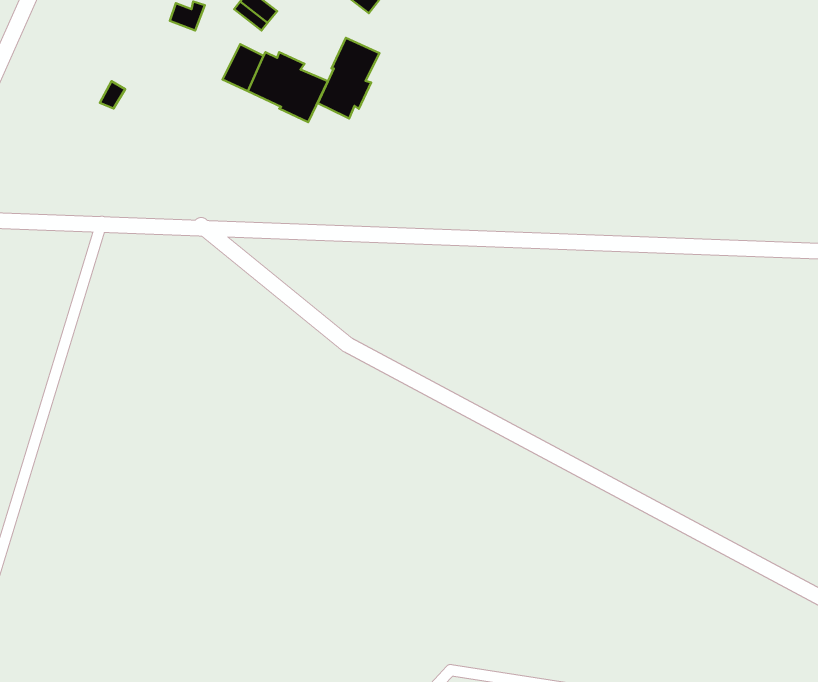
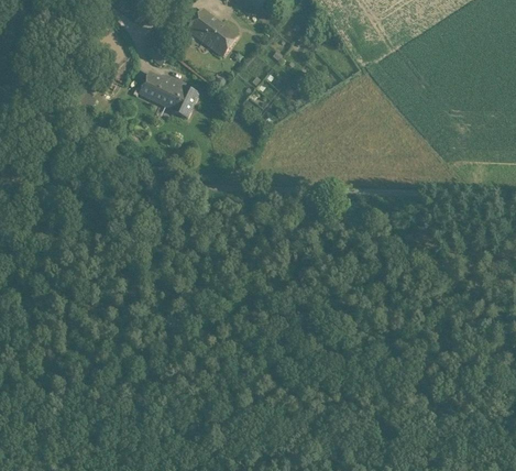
building: [318,38,379,118] -> none

